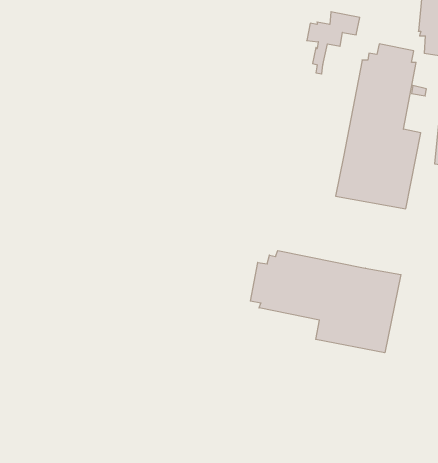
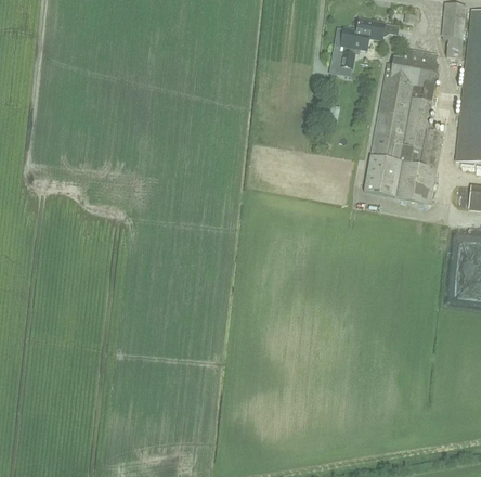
building: [250,251,401,353] -> none

